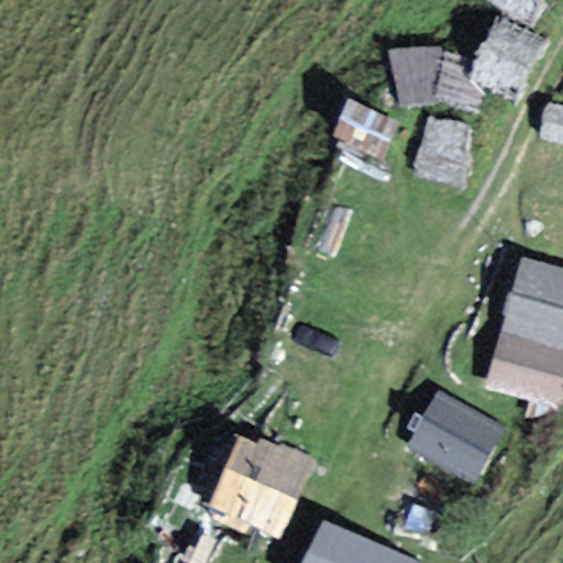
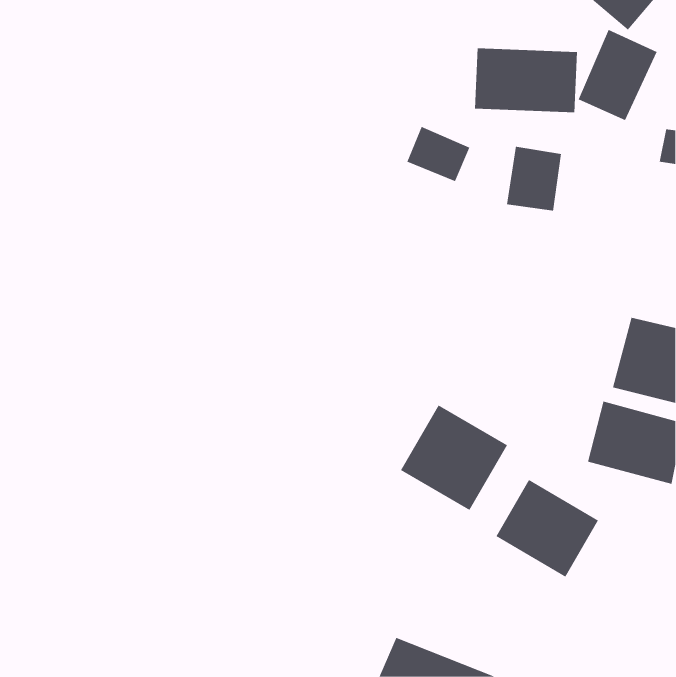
building: none -> [400,404,508,511]
building: [212,443,303,530] -> none

